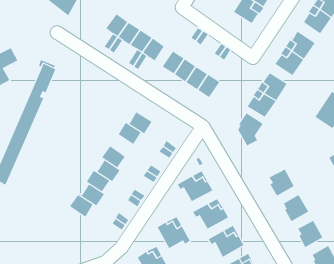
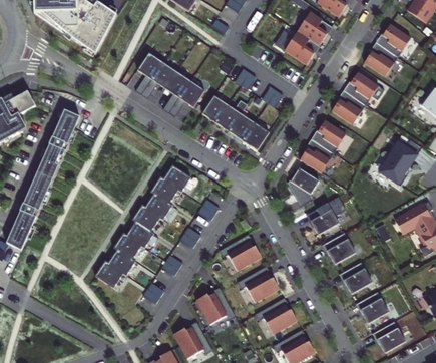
building: none -> [141,192,171,220]
building: none -> [309,202,339,234]

